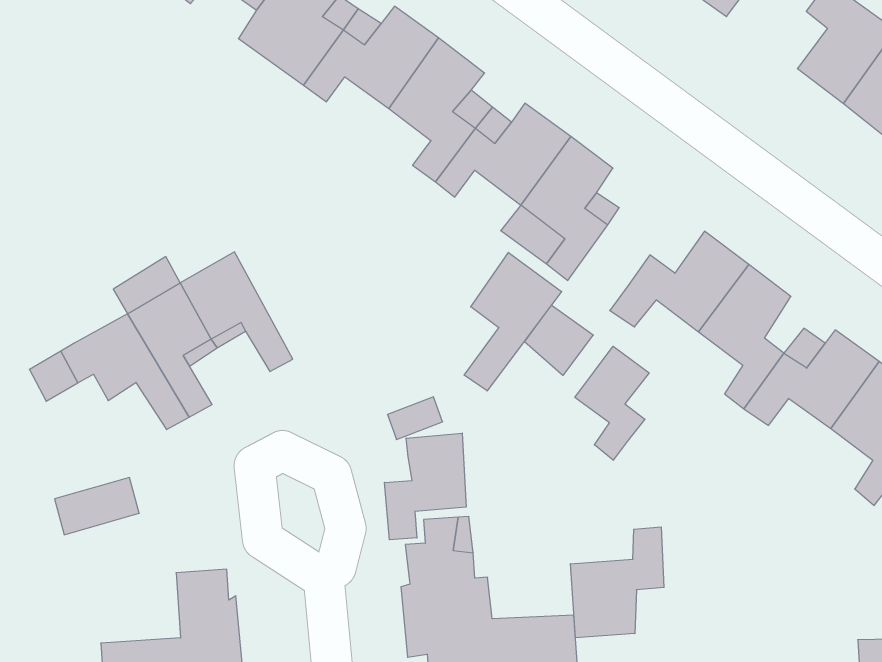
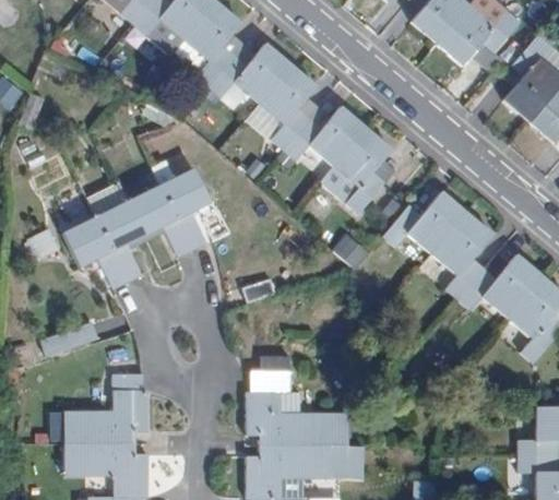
building: none -> [152,163,209,251]
building: [464,252,562,391] -> none
building: [575,346,649,460] -> none
building: [385,433,466,540] -> none
building: [570,527,664,638] -> none

